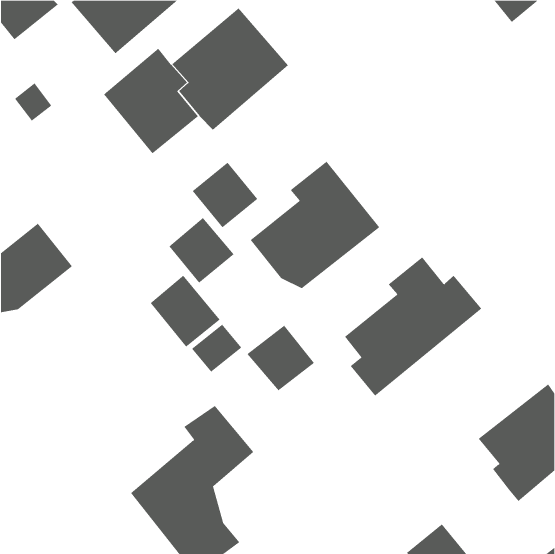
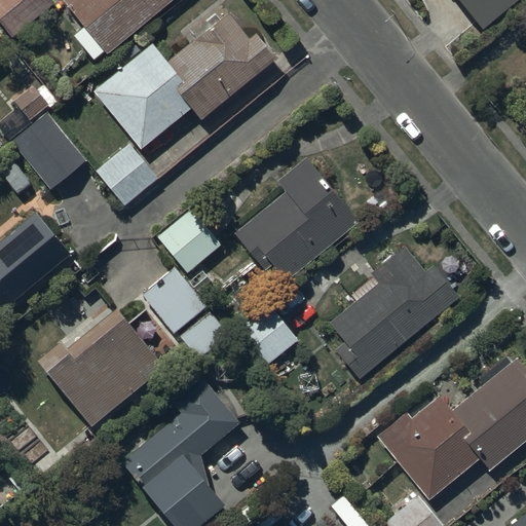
building: none -> [12,113,86,189]
building: [192,162,258,228] -> [97,144,159,206]
building: none -> [37,309,164,423]
building: none -> [378,402,481,504]

